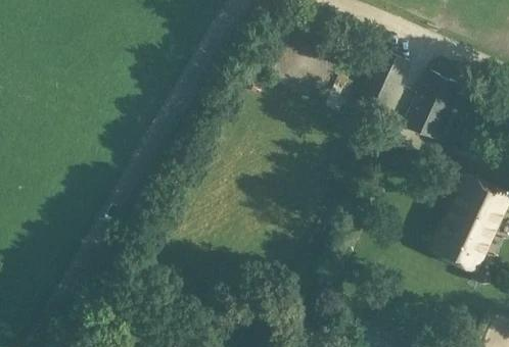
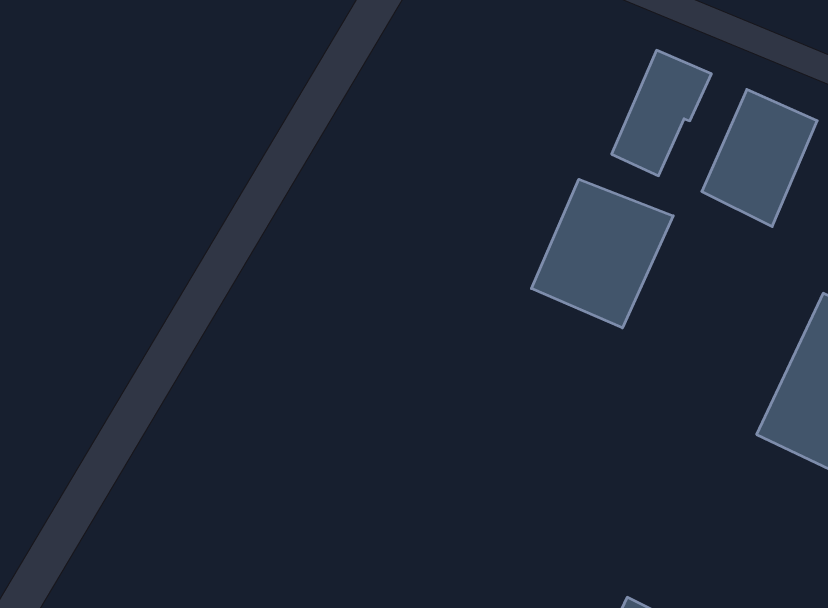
building: none -> [531,179,673,328]

